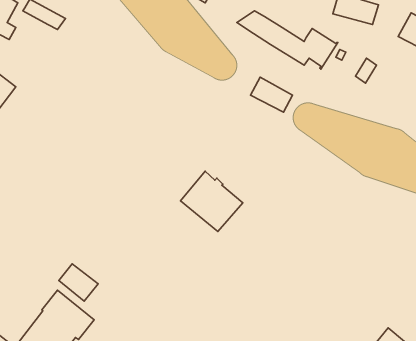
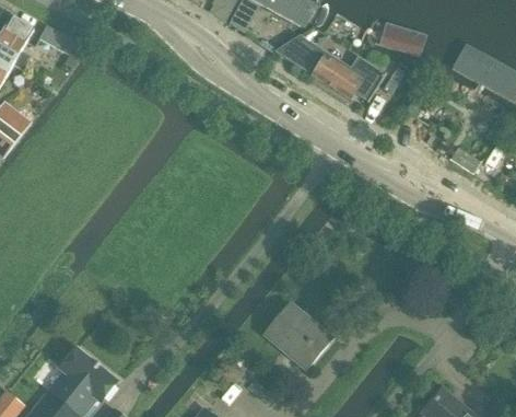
building: [250,77,293,112] -> none
building: [180,171,243,232] -> [262,303,331,370]
building: [59,264,98,301] -> none

